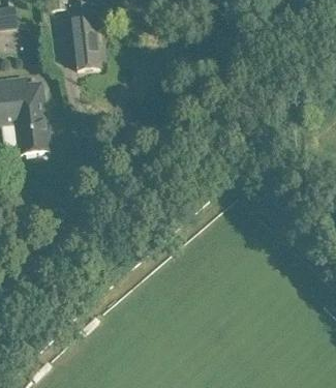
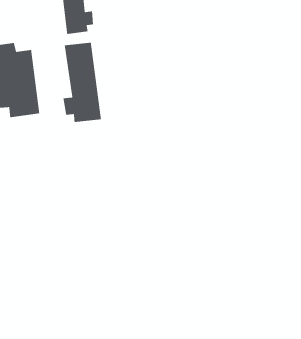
building: none -> [62,42,102,123]

